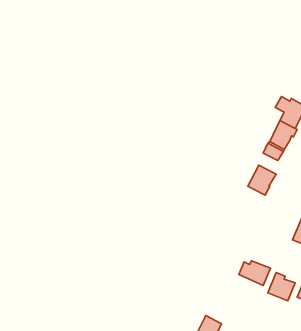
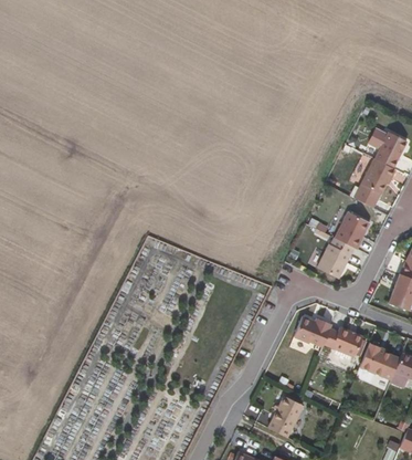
building: none -> [316,238,353,279]
building: none -> [295,317,331,347]

